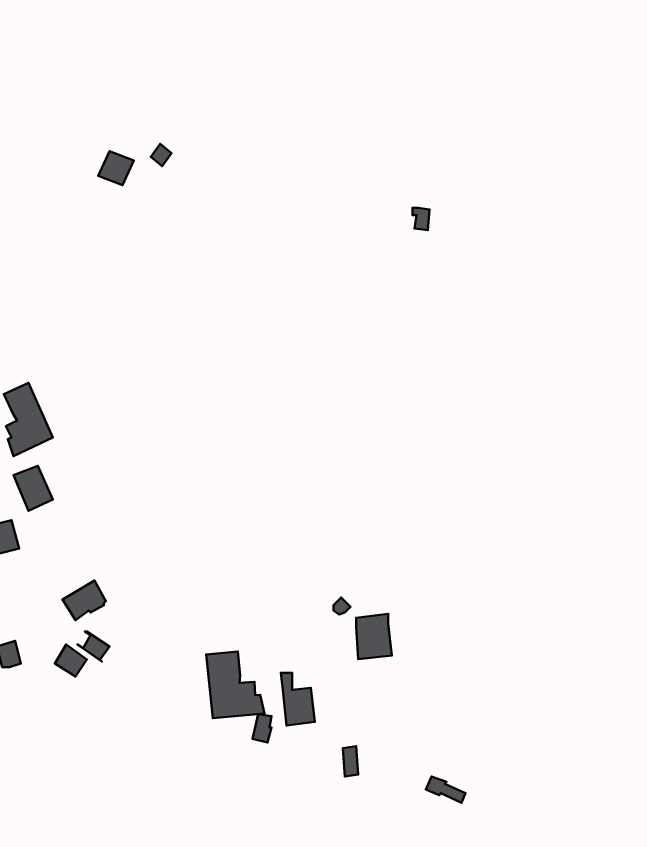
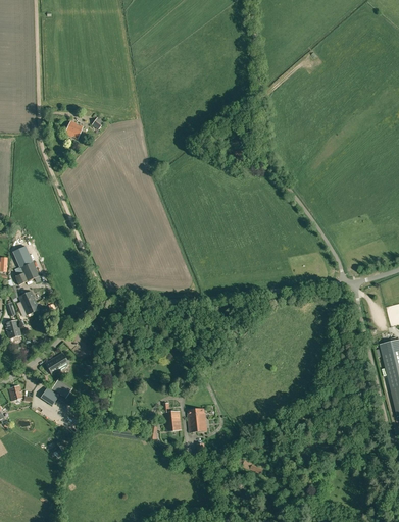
building: [356,614,392,659] -> [188,408,207,432]
building: [206,651,264,718] -> none

